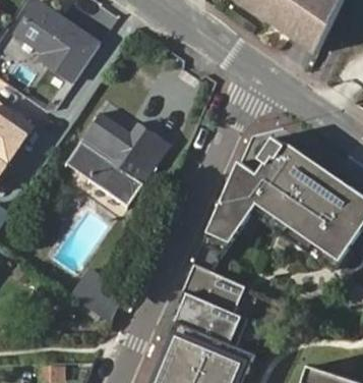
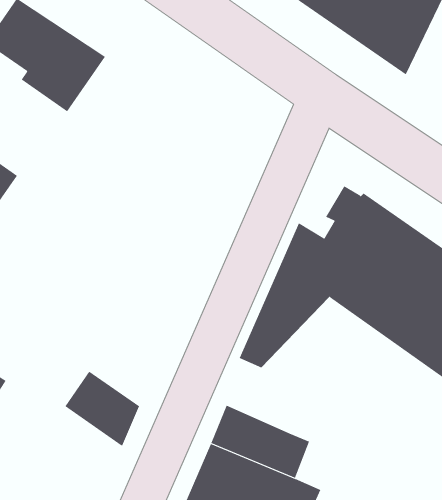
building: [65,113,170,207] -> none
building: [182,264,245,314] -> none

